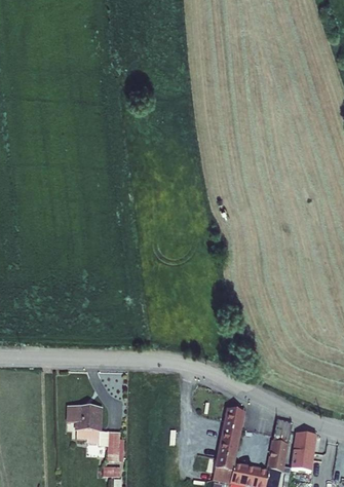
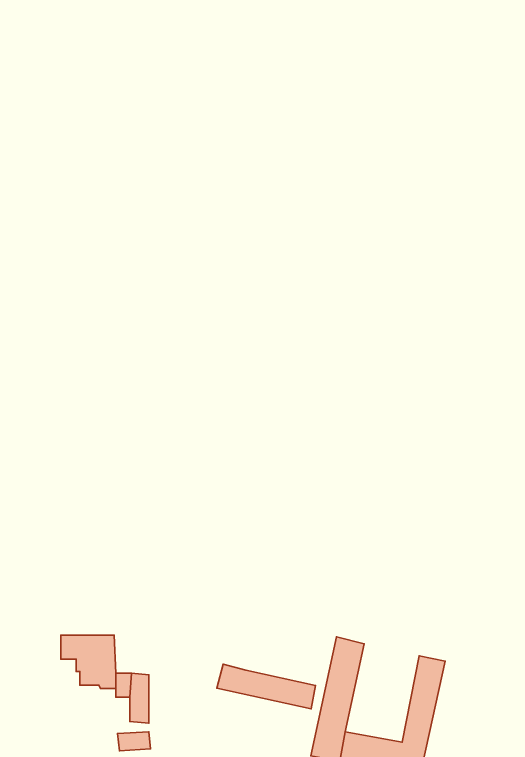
building: none -> [217,664,316,709]
building: [291,433,315,471] -> none

